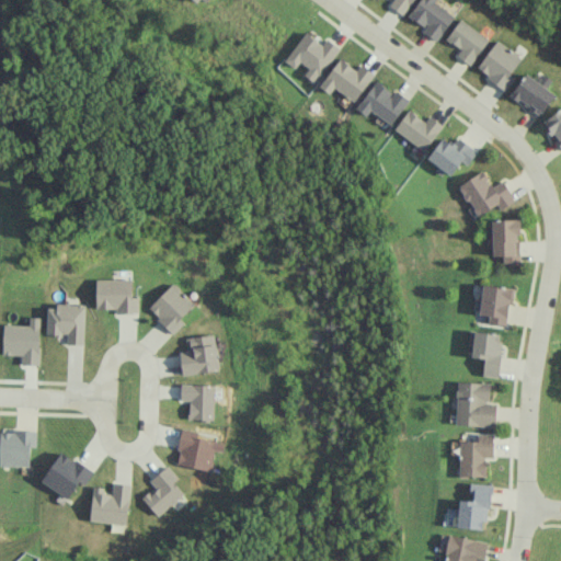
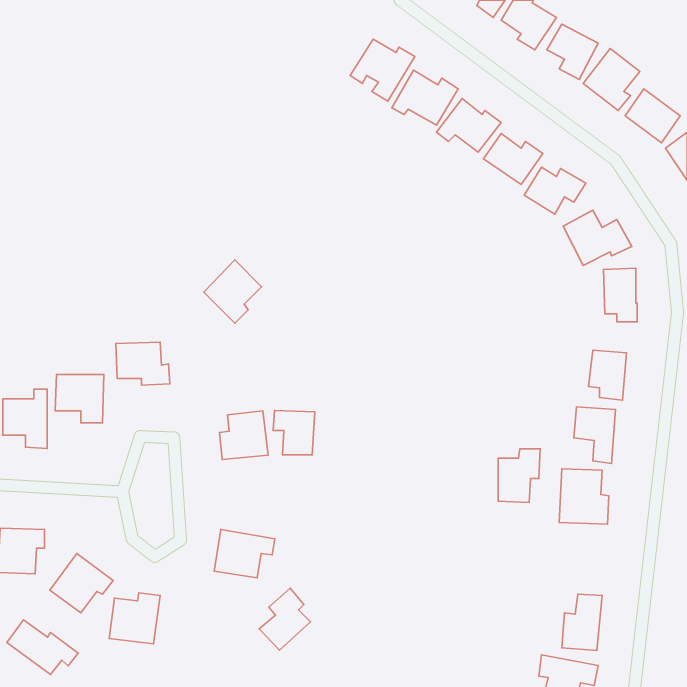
building: [147,283,194,334] -> [204,260,262,323]
building: [180,385,214,421] -> [273,410,315,455]
building: [459,434,493,478] -> [498,449,540,503]
building: [141,466,183,516] -> [259,588,310,650]
building: none -> [7,620,78,675]

